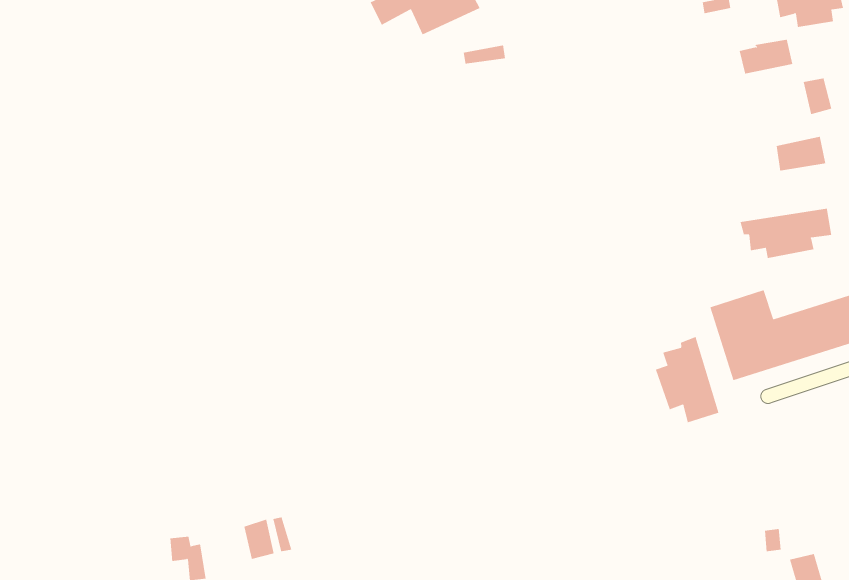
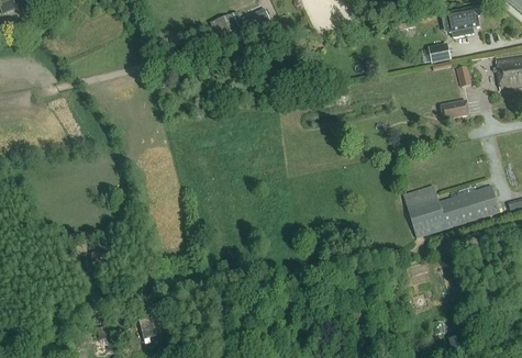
building: [740,208,832,259] -> none
building: [655,336,719,423] -> none

